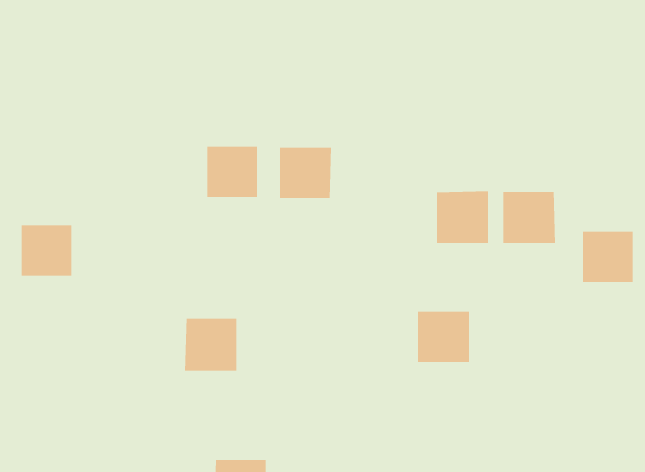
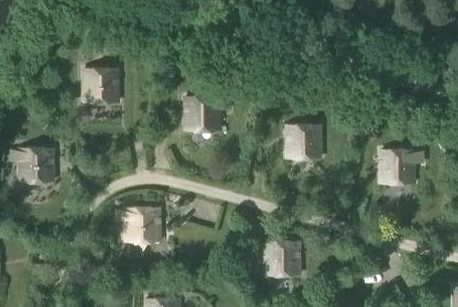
building: [207,146,258,197] -> [87,68,120,101]
building: [503,191,556,244] -> none
building: [417,311,470,362] -> [267,242,301,275]

